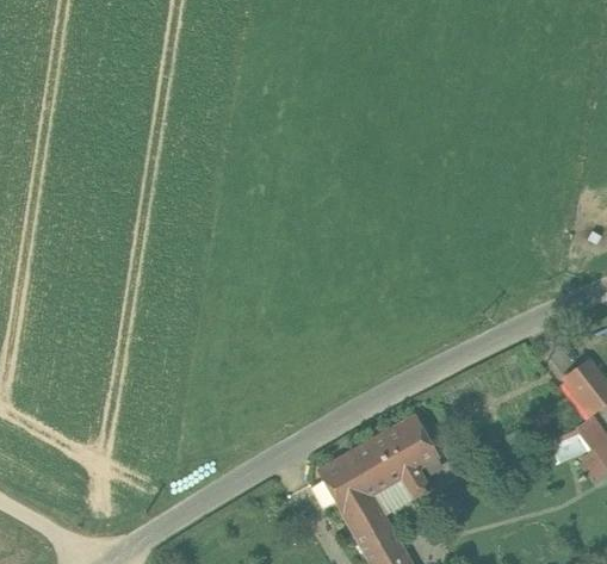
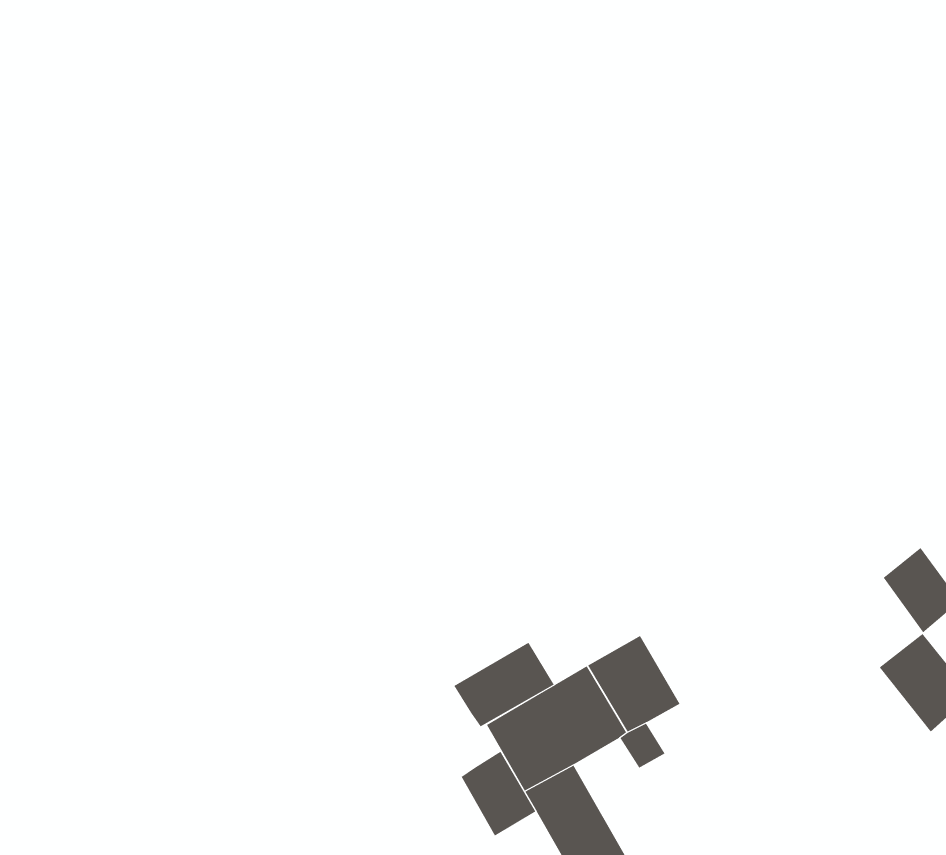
building: none -> [454,642,554,727]
building: none -> [461,751,536,837]

